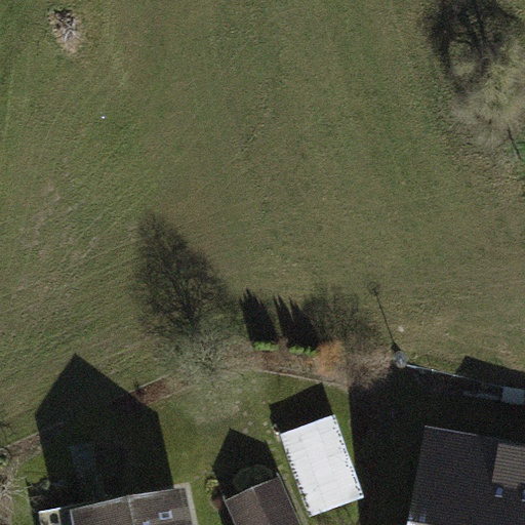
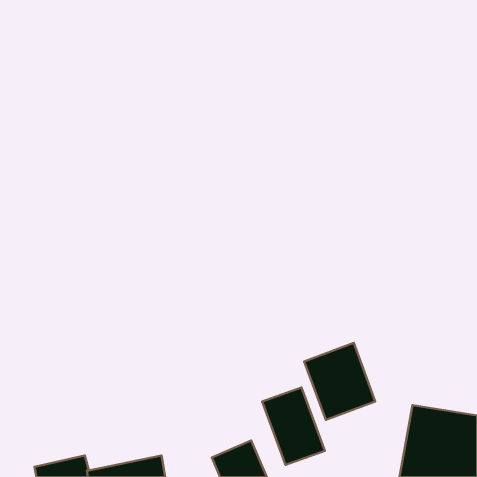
building: none -> [304,343,375,420]

